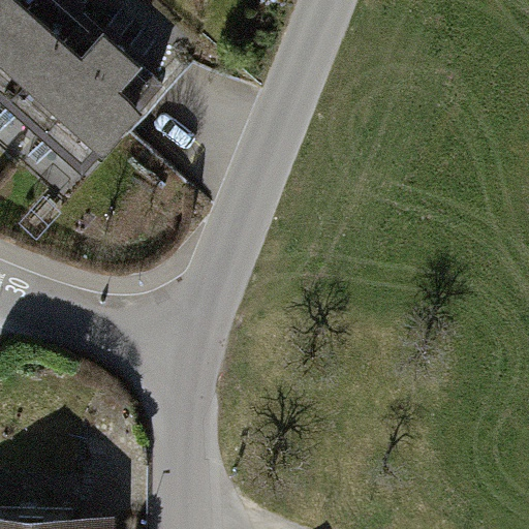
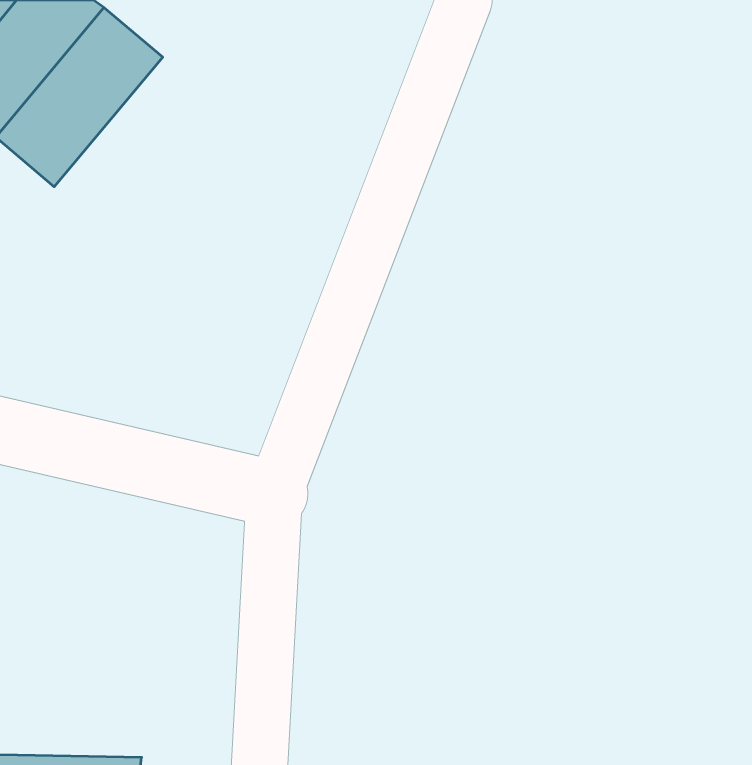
building: [37,42,153,165] -> none

